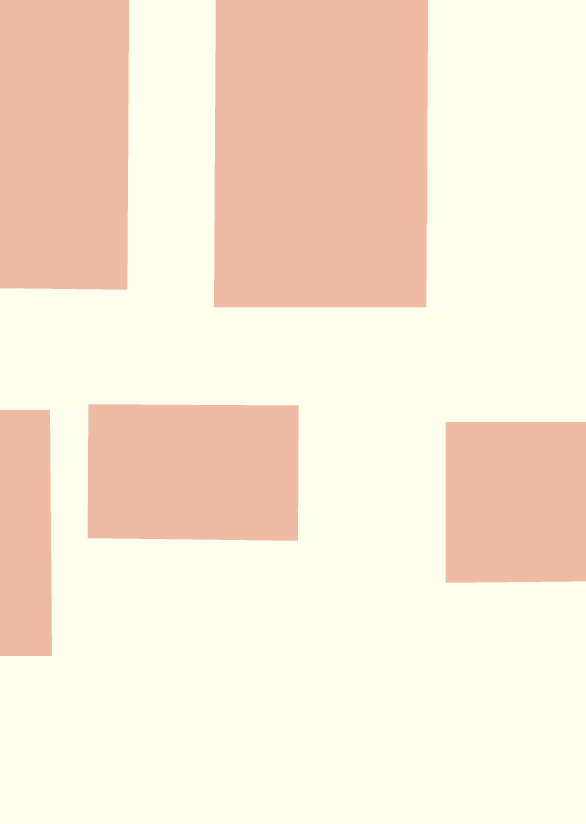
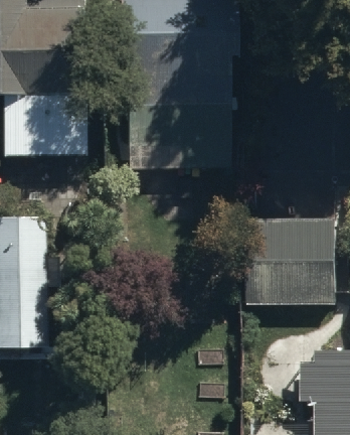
building: [87,404,300,542] -> none

